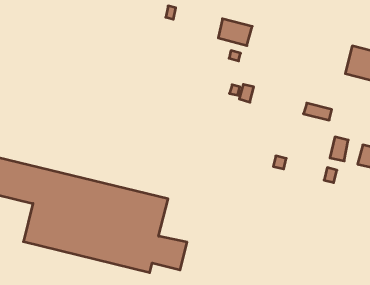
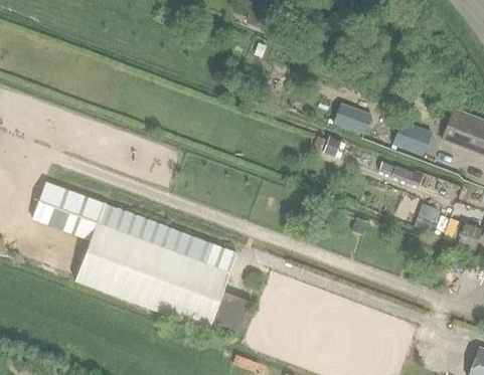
building: [218,19,252,46] -> [334,103,372,135]
building: none -> [393,121,433,155]

